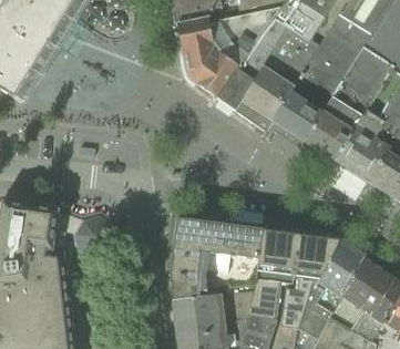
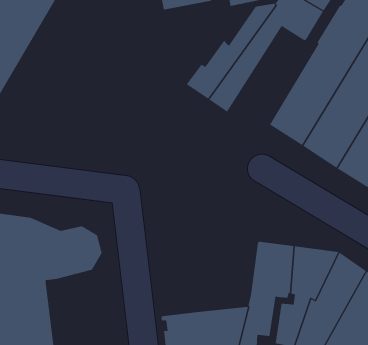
building: [177,11,260,83] -> none
building: [235,30,319,131] -> none
building: [170,218,263,299] -> none

